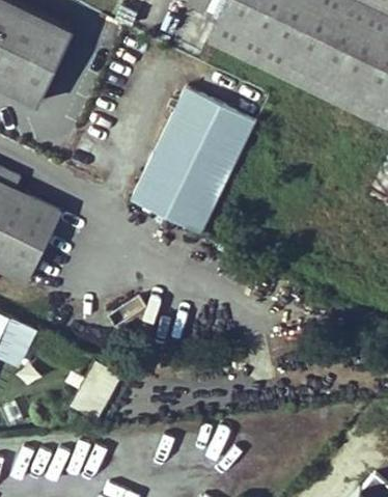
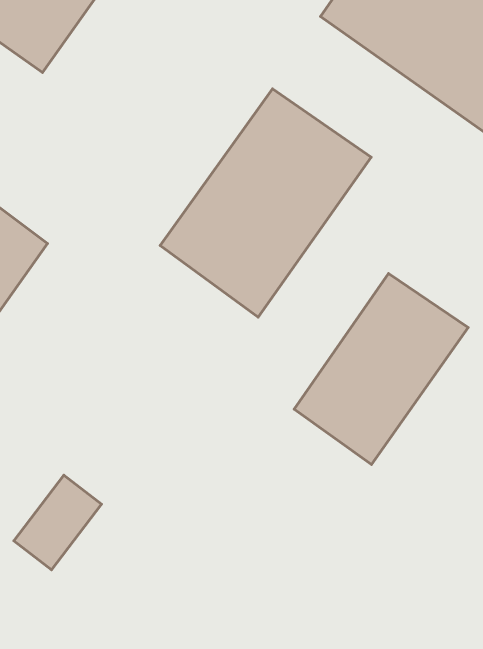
building: none -> [294,274,468,464]

